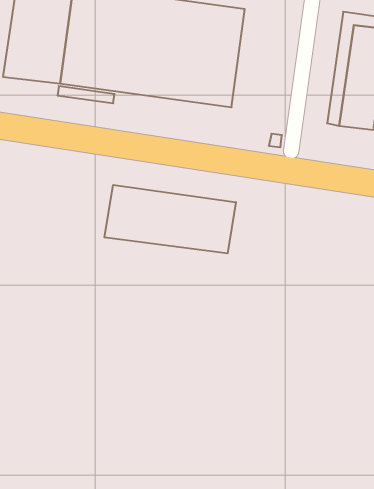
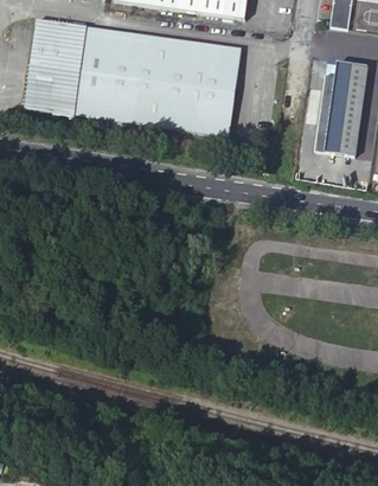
building: [104,185,236,253] -> none

